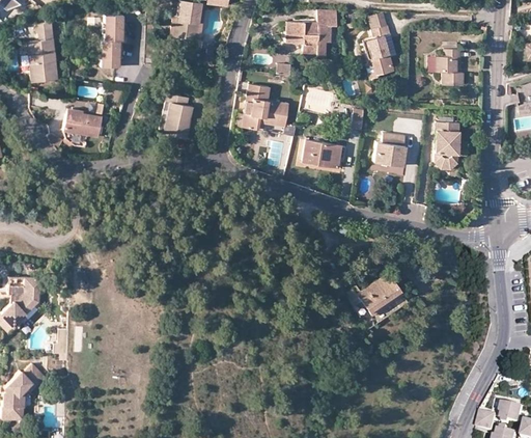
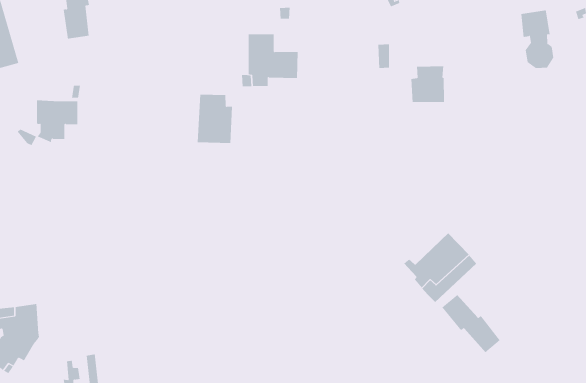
building: [159,93,193,138] -> [197,94,233,144]
building: [436,125,458,172] -> [521,10,554,68]
building: [302,140,341,167] -> none
building: none -> [441,294,500,353]

